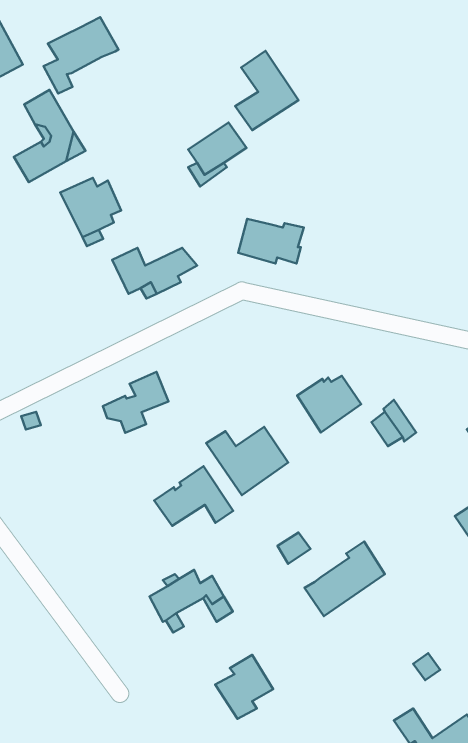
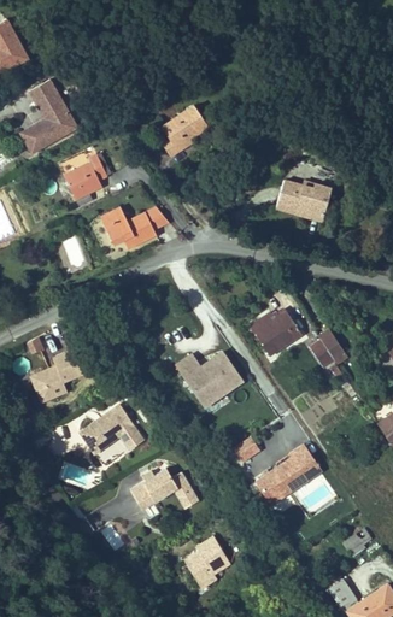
building: [44,17,118,94] -> none
building: [235,51,298,130] -> none
building: [238,219,304,263] -> [276,181,329,217]
building: [103,372,168,433] -> [31,349,84,399]
building: [154,466,233,526] -> [80,405,143,453]

